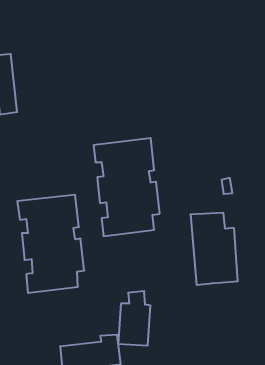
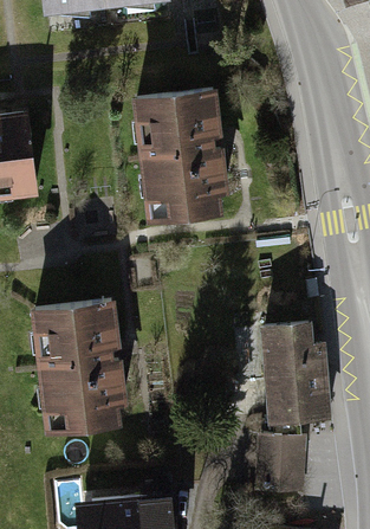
building: [94,138,160,236] -> [137,91,225,221]
building: [118,291,150,346] -> [259,419,301,491]

